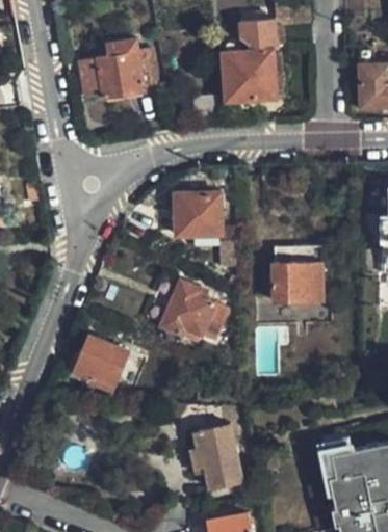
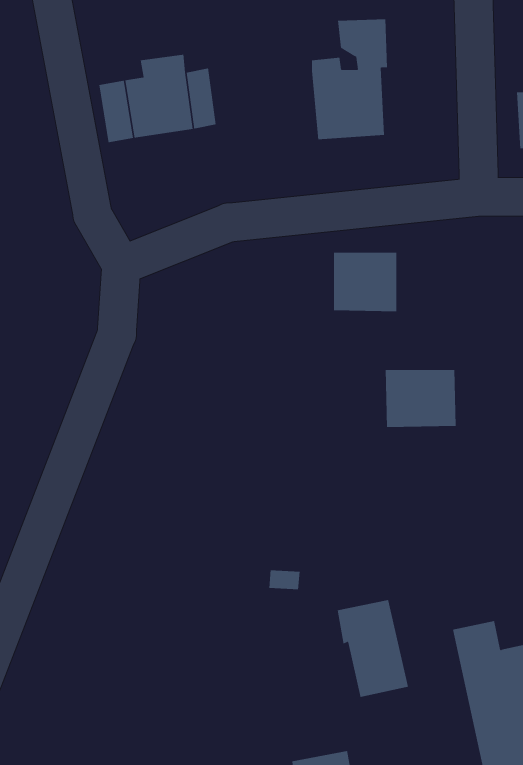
building: [176,195,219,236] -> [333,252,397,312]
building: [161,281,221,339] -> none
building: [72,332,129,382] -> none
building: [190,427,239,494] -> [337,600,409,698]

